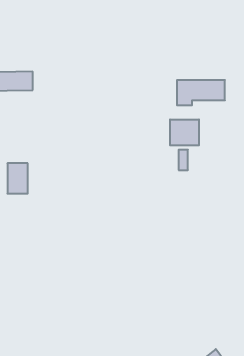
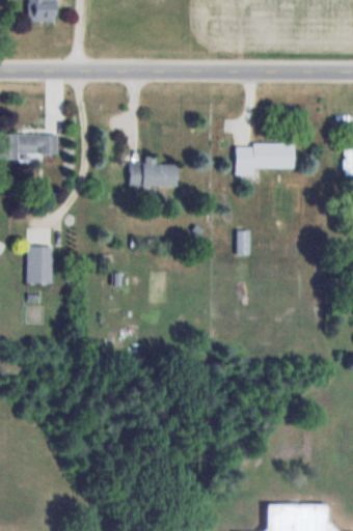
building: none -> [130,157,178,187]
building: [170,119,199,145] -> none

